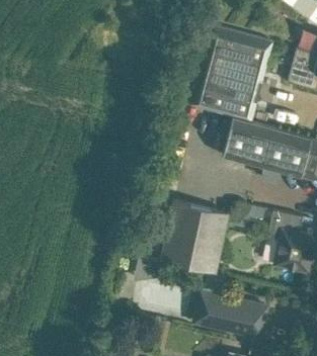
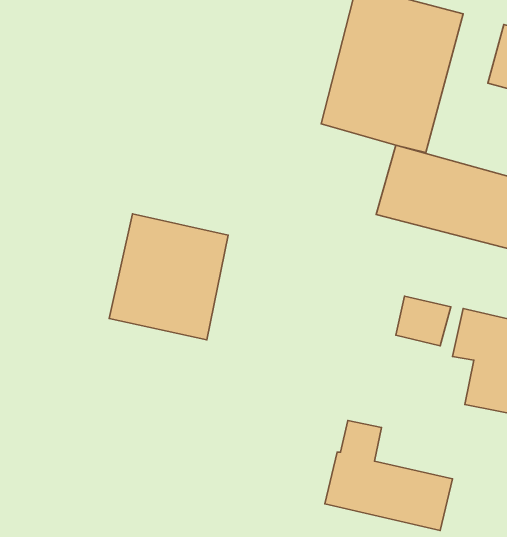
building: [161,201,229,273] -> [109,214,228,340]

